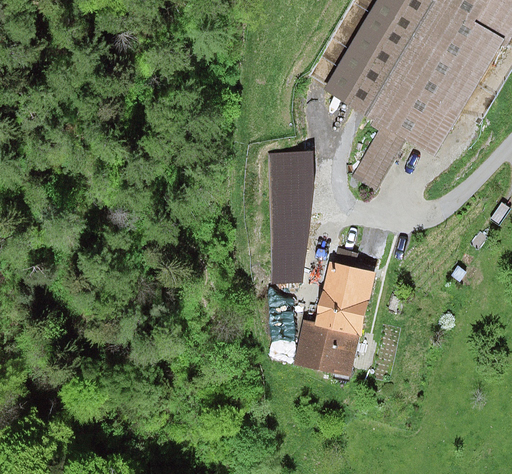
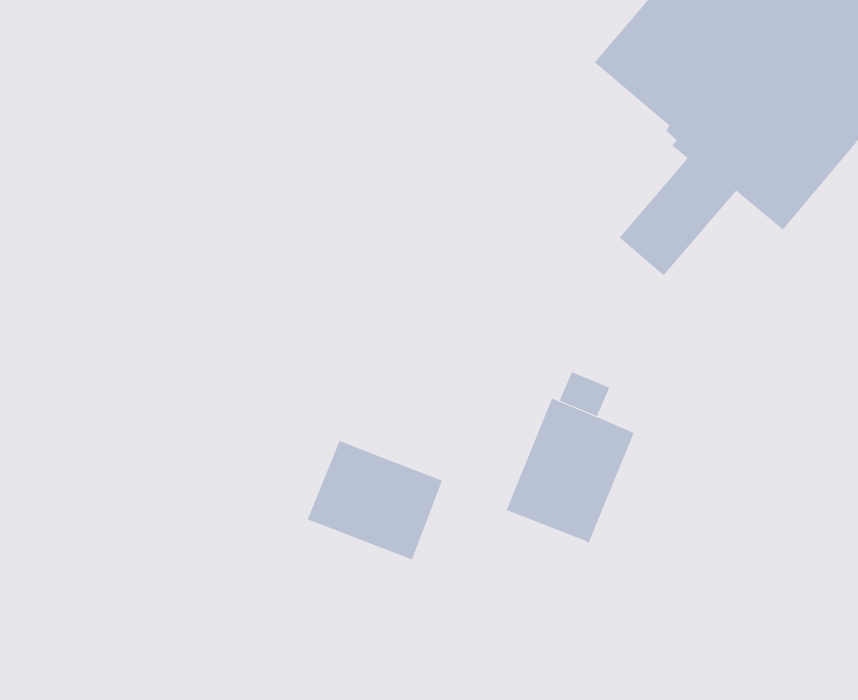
building: [271,150,315,280] -> none
building: [292,319,358,374] -> [307,440,443,560]

